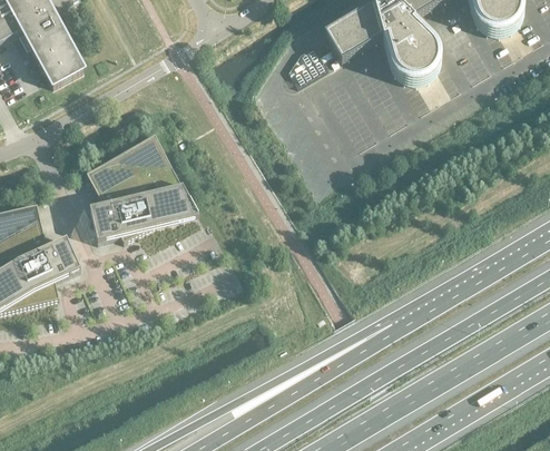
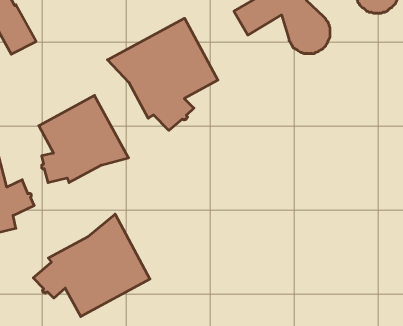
building: none -> [107,18,218,130]
building: none -> [33,214,150,317]

